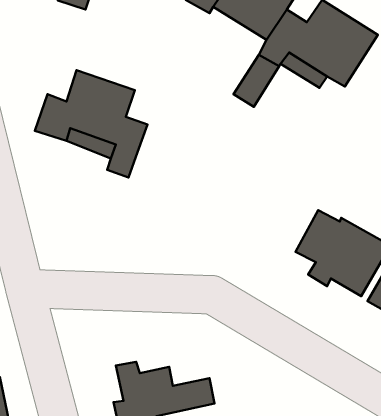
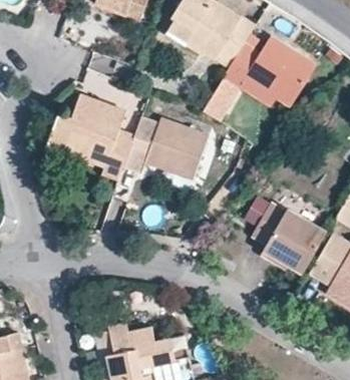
building: none -> [126,116,209,176]

